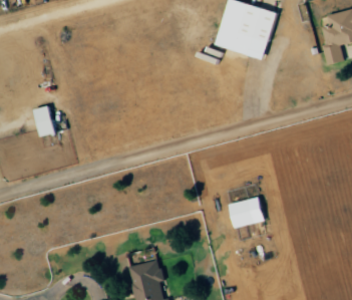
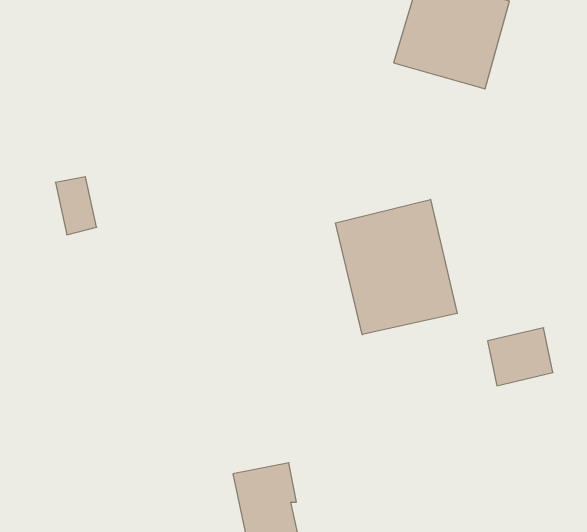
building: none -> [336,199,457,335]
building: [229,197,264,228] -> [488,328,553,386]

